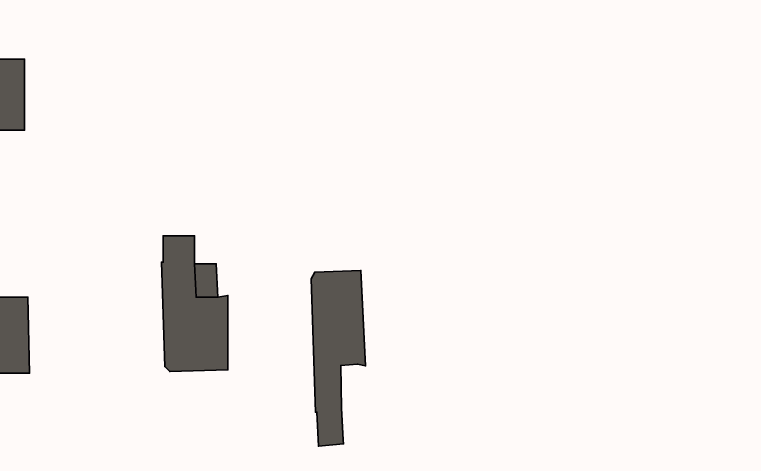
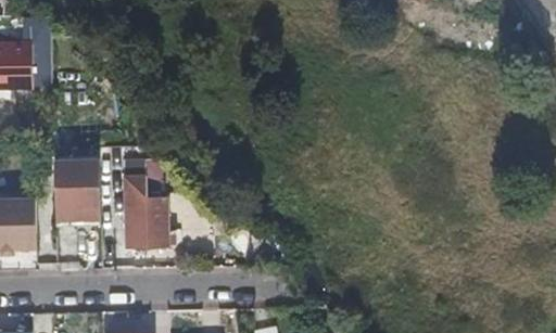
building: none -> [47,161,94,227]
building: [311,271,366,446] -> none

